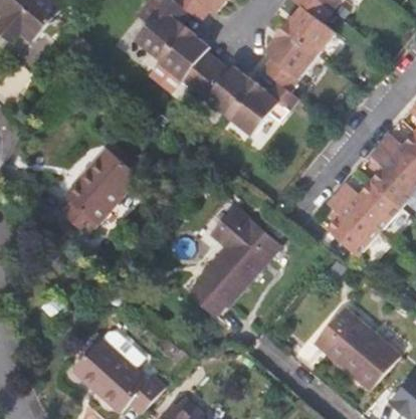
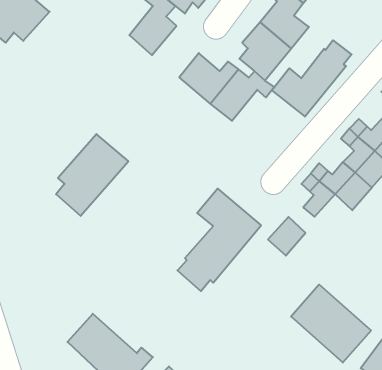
building: [165,32,215,87] -> none
building: none -> [272,40,352,117]
building: [339,212,379,253] -> [268,217,305,256]

